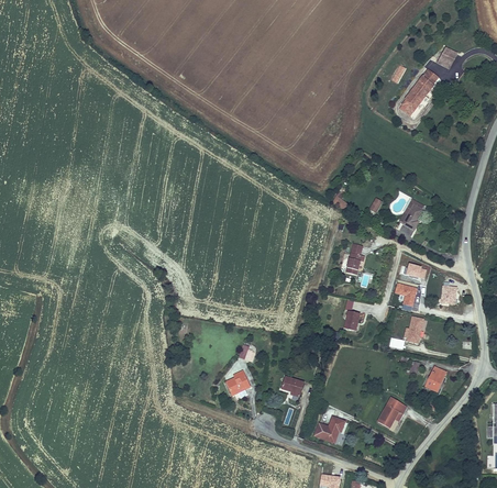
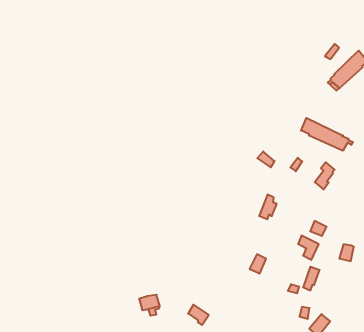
building: none -> [301,118,353,151]

